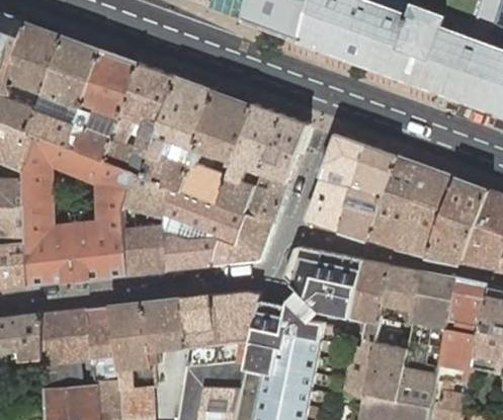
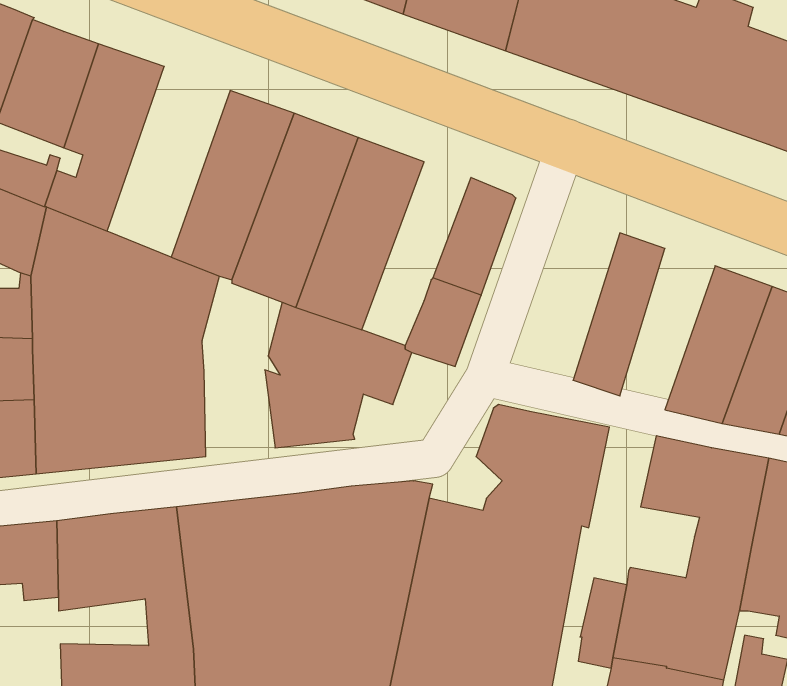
building: [69,50,141,161] -> none
building: [218,105,281,213] -> none
building: [307,136,368,233] -> none
building: [368,156,424,250] -> none
building: [124,172,171,219] -> none
building: [213,217,272,267] -> none
building: [125,227,167,277] -> none
building: [350,260,390,344] -> none

